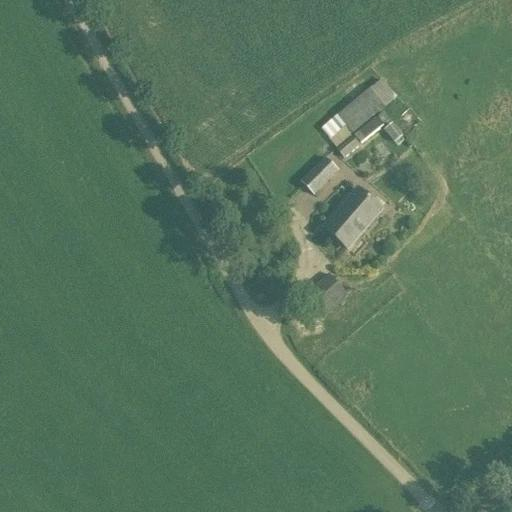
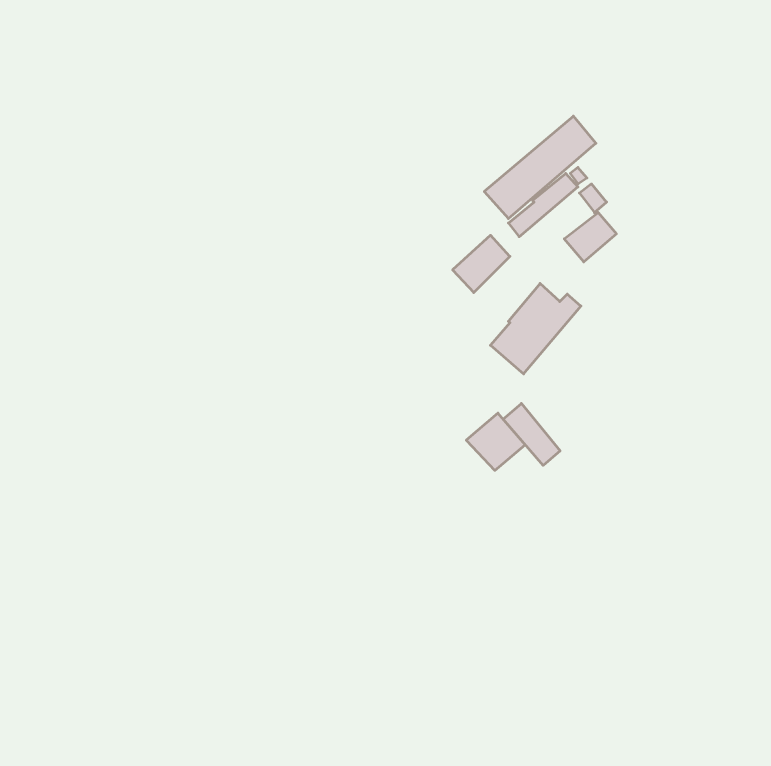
building: none -> [564,212,616,262]
building: none -> [503,403,560,465]

